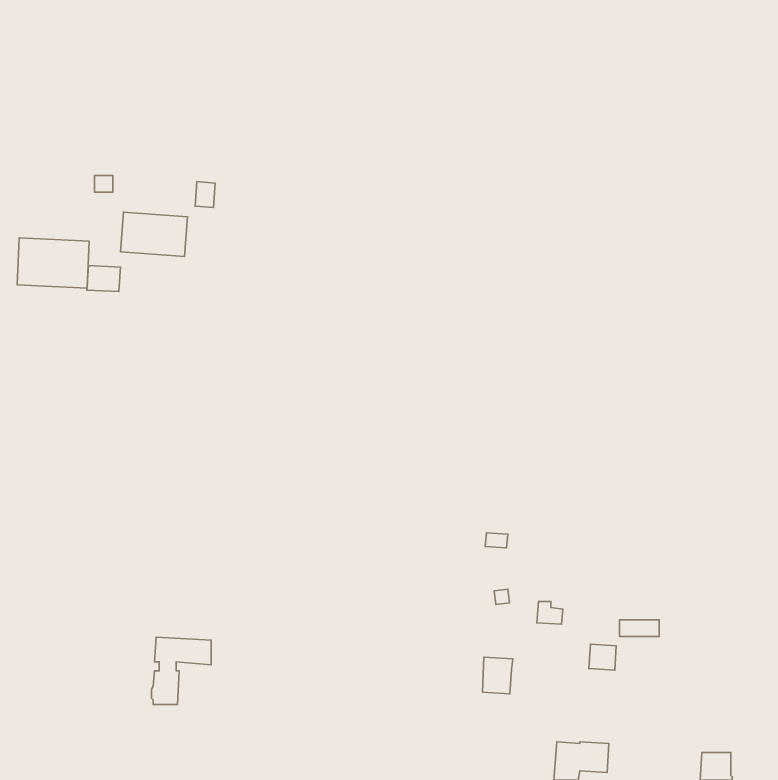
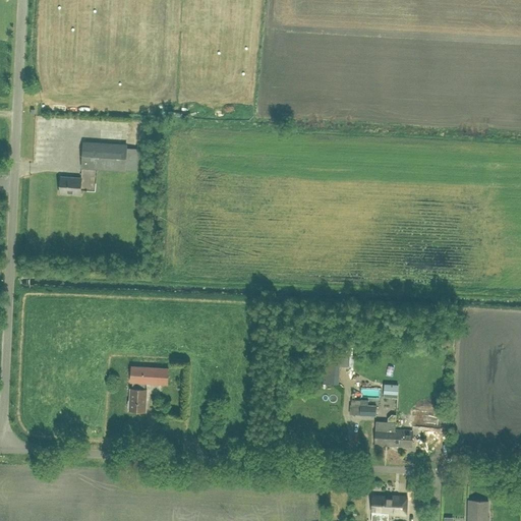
building: [17,238,89,288] -> none
building: [152,637,211,704] -> [127,366,167,411]
building: [482,657,513,694] -> [374,421,395,446]

